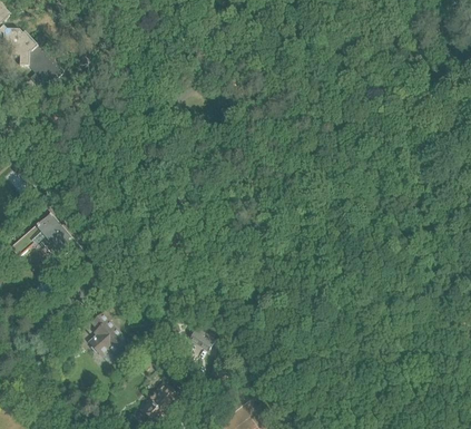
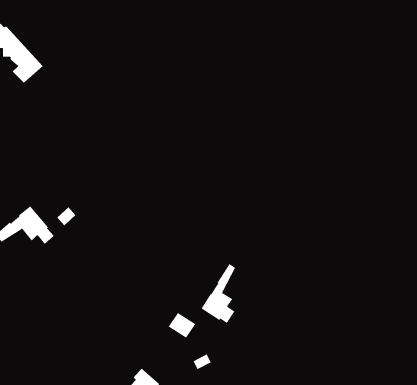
building: none -> [201,263,236,324]
building: [85,306,126,354] -> none

